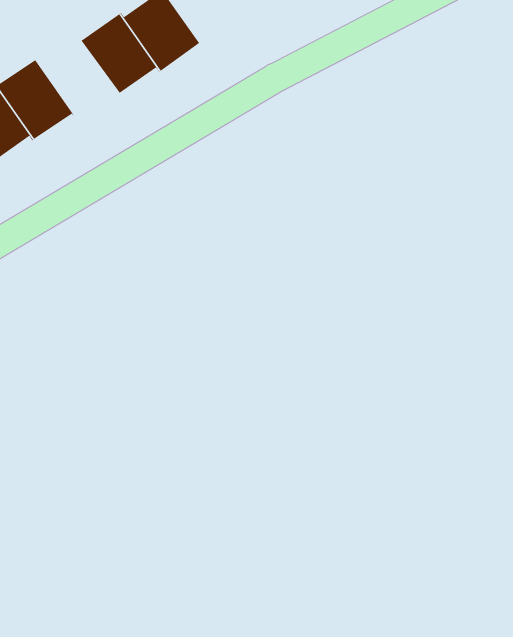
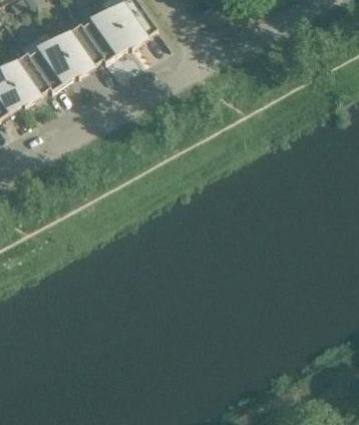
building: none -> [48,25,101,77]

